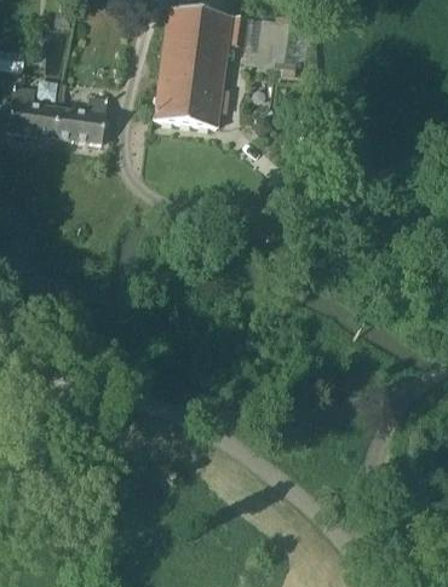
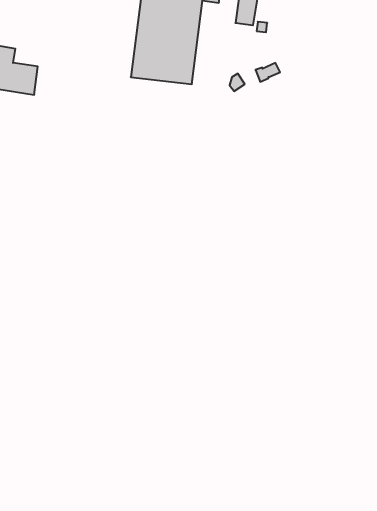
building: [56,94,108,142] -> none

